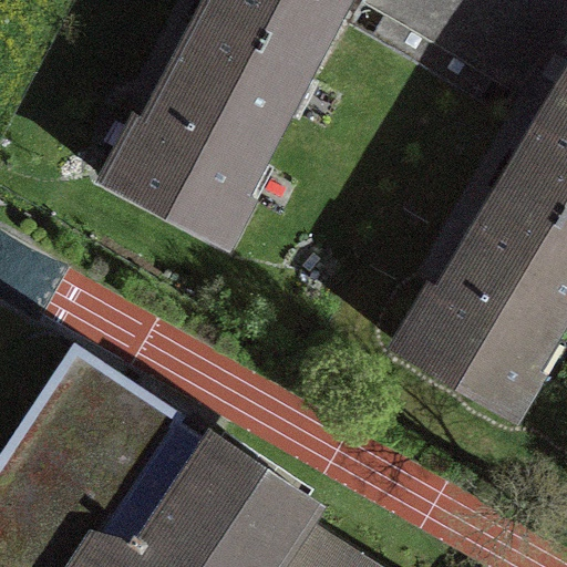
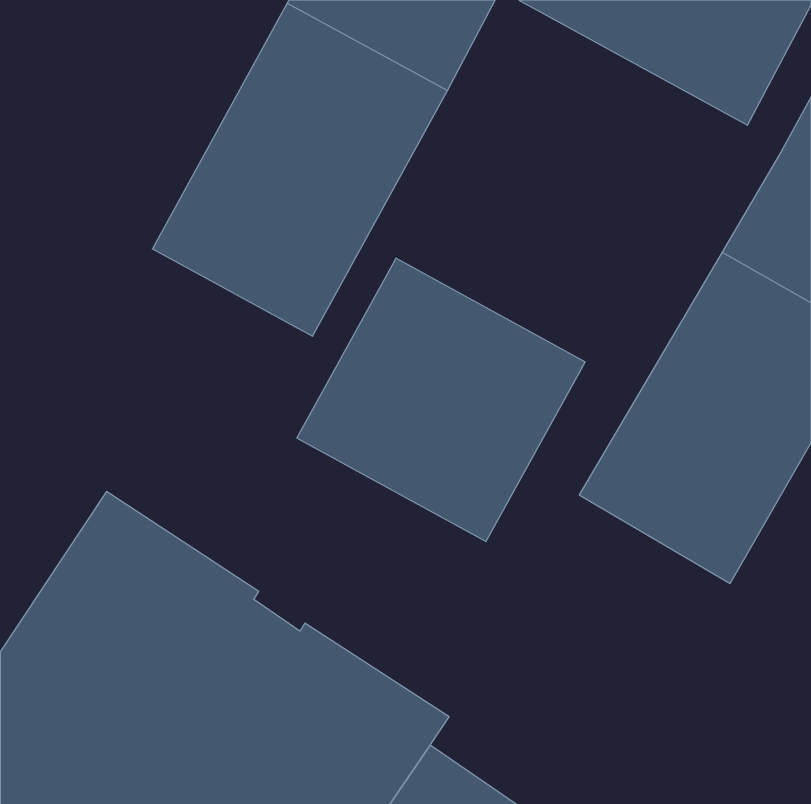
building: none -> [297,258,585,542]

